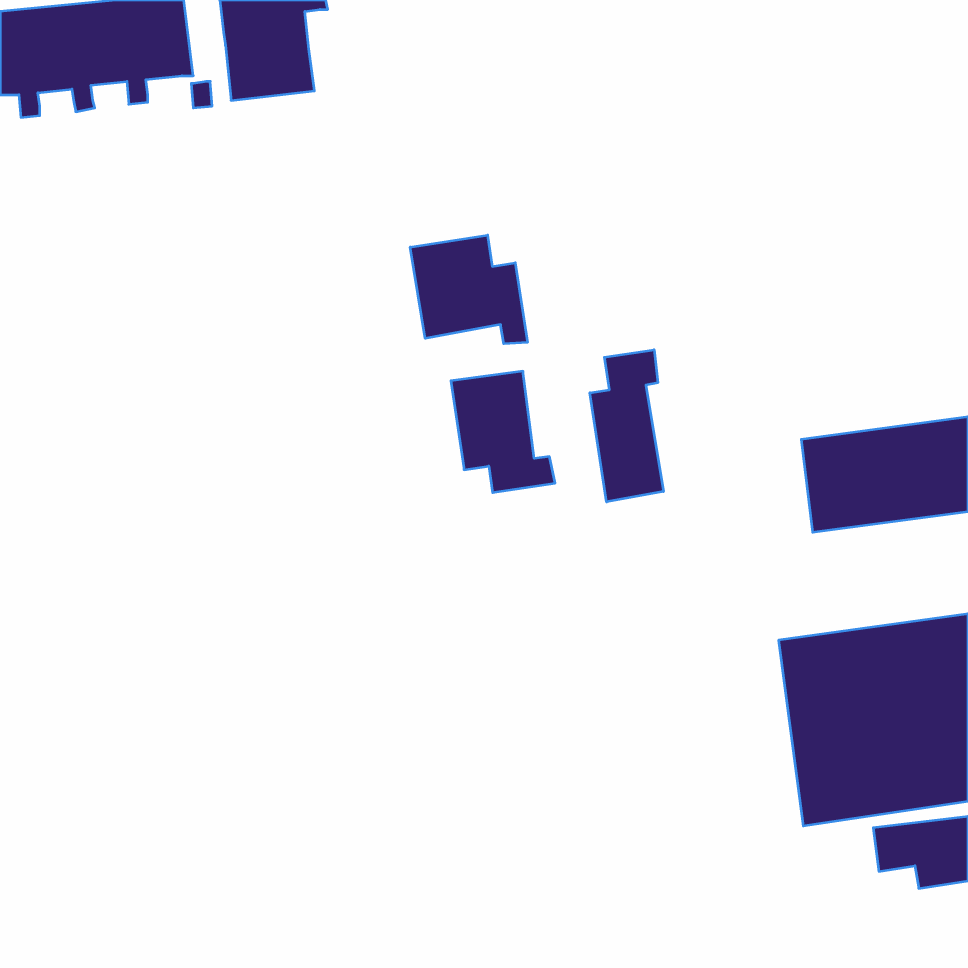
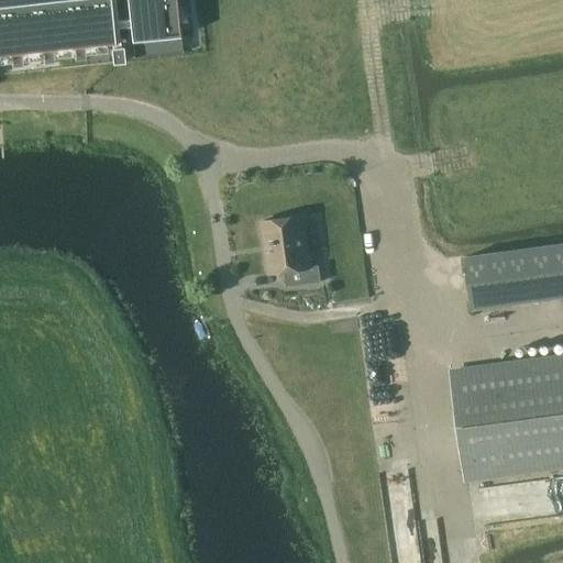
building: [410,235,527,344] -> none
building: [590,350,663,502] -> none

